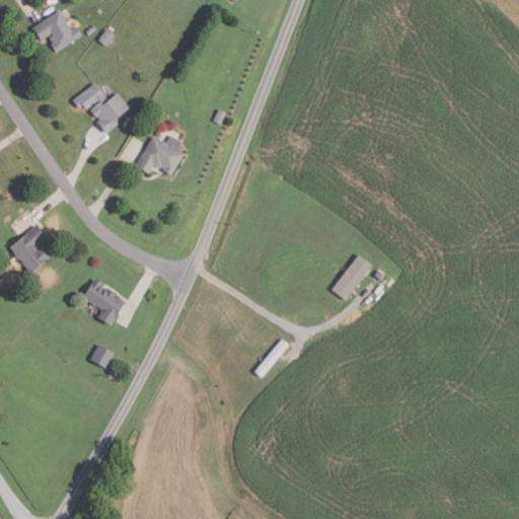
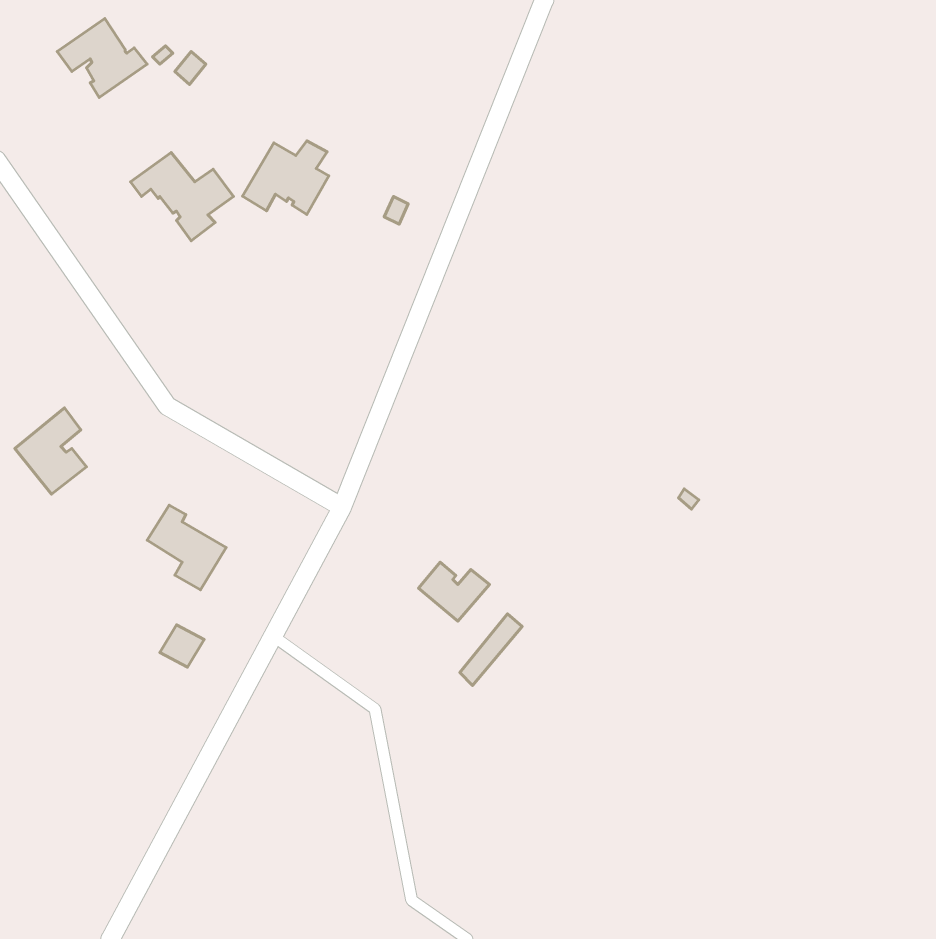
building: [135,135,182,175] -> [243,141,329,214]
building: [330,254,372,300] -> none
building: none -> [419,562,489,621]

